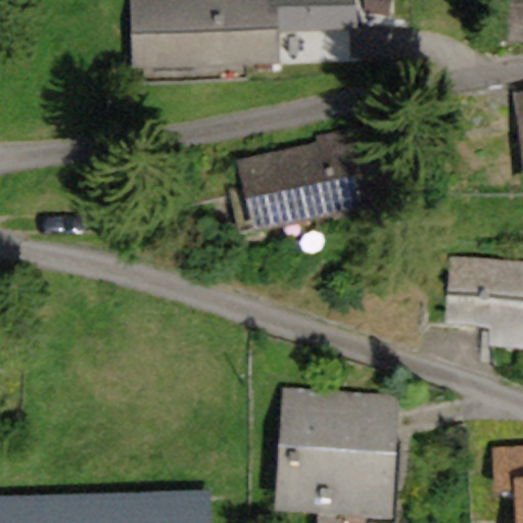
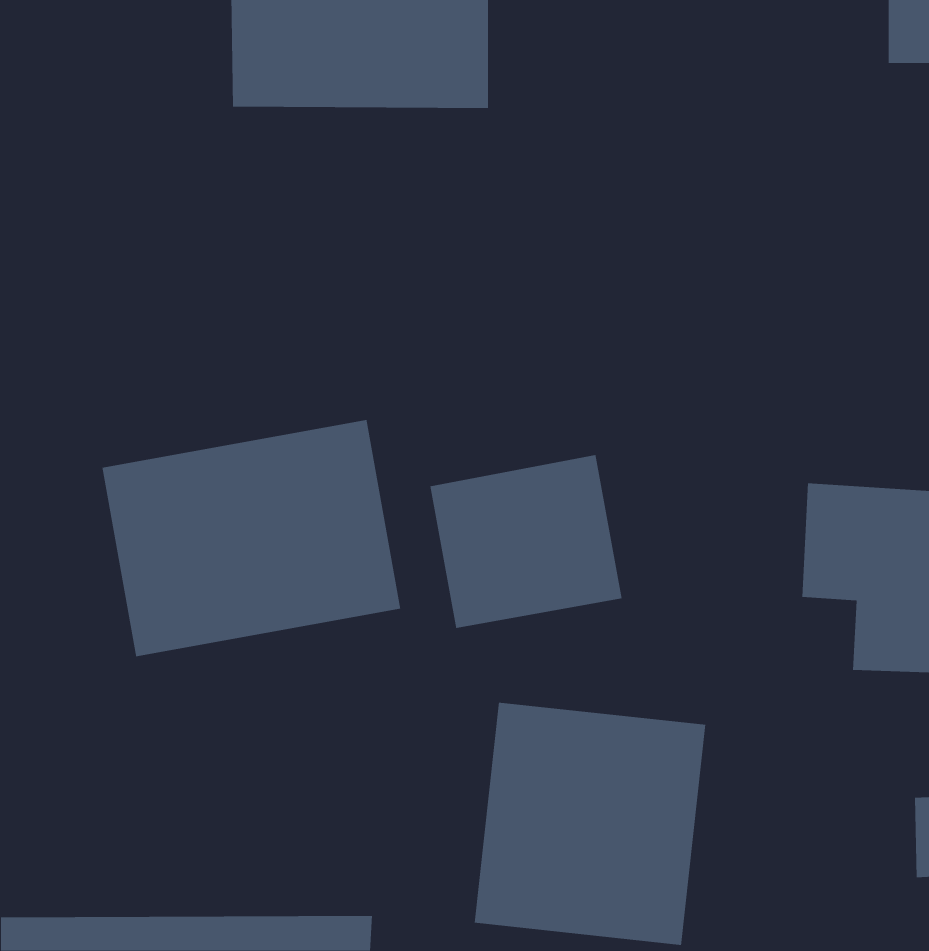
building: [233,148,338,243] -> [429,454,622,628]
building: none -> [102,419,401,657]

